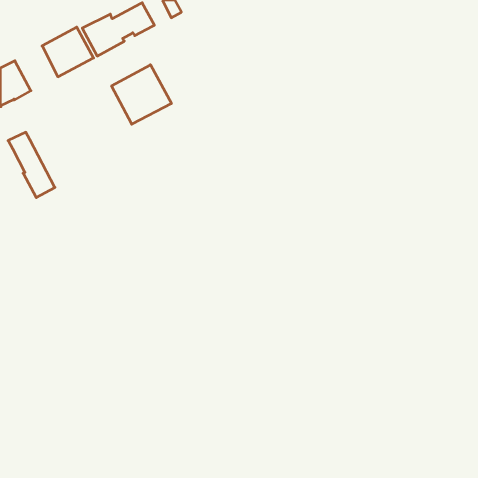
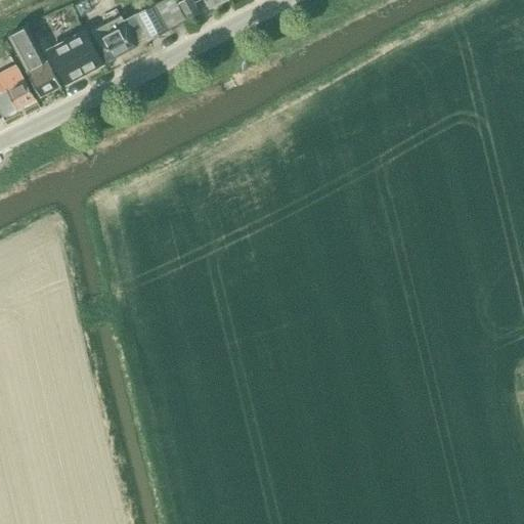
building: [112,65,171,124] -> none
building: [8,132,55,198] -> [8,26,59,97]

